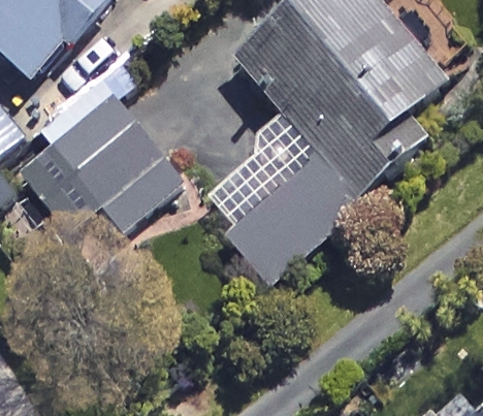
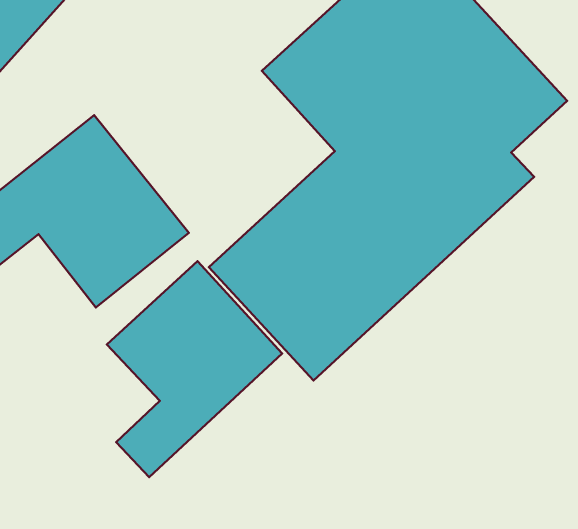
building: none -> [107,261,282,477]

